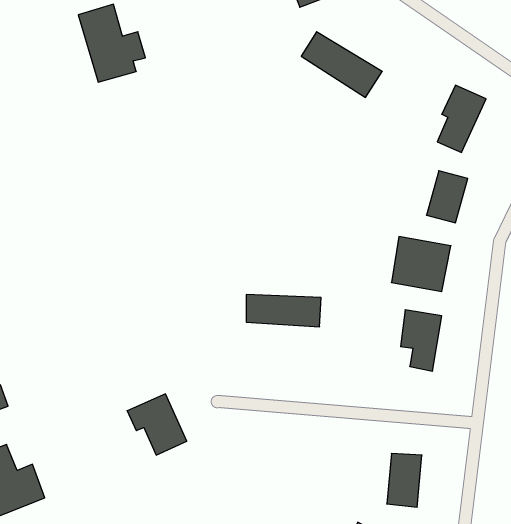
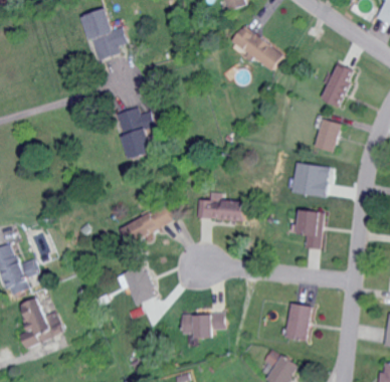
building: none -> [117,107,153,160]
building: none -> [119,204,172,244]
building: none -> [181,311,226,338]

